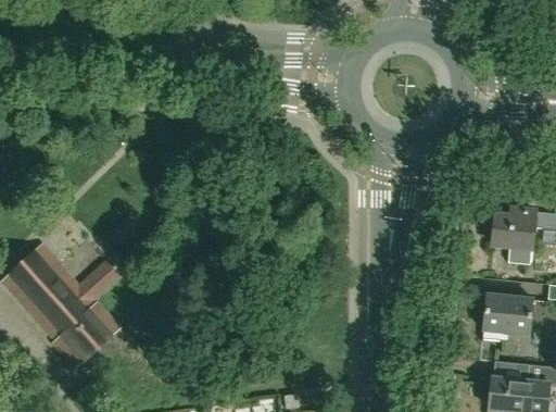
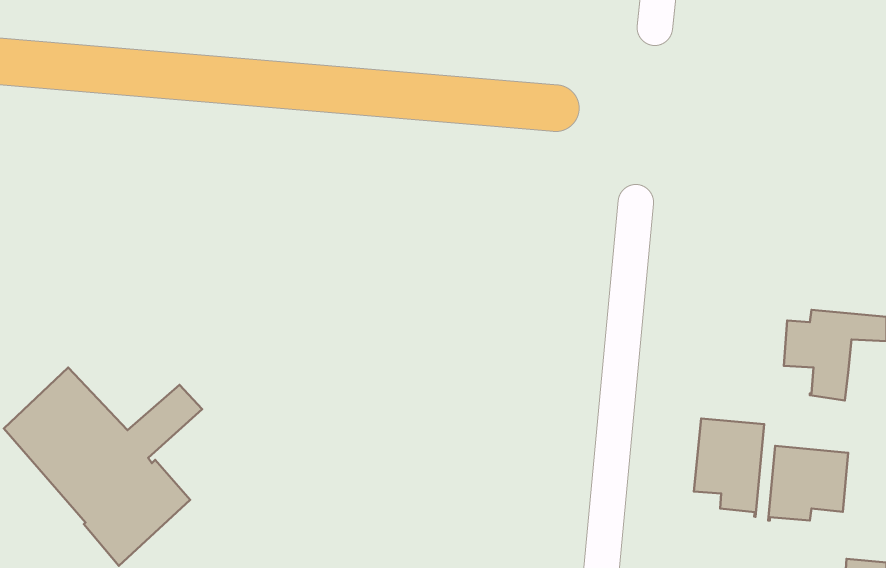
building: none -> [694,418,764,517]

